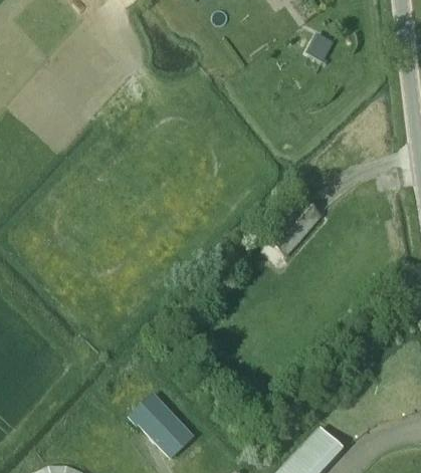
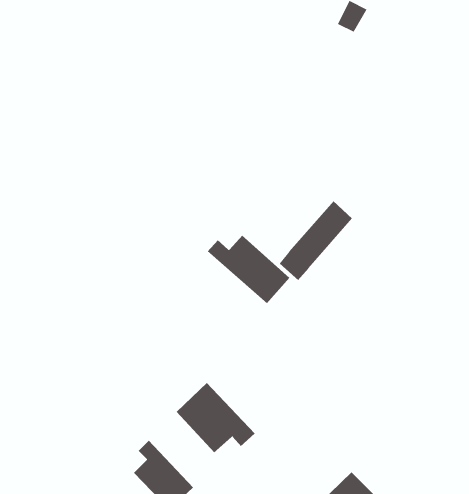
building: none -> [207,235,290,304]
building: none -> [176,382,255,453]

